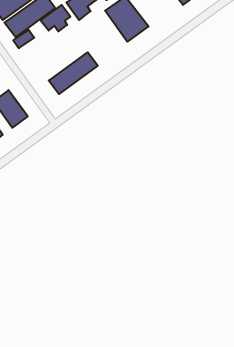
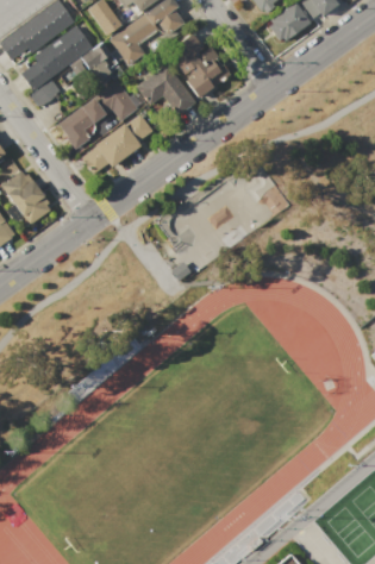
building: none -> [137,65,193,124]
building: none -> [58,81,138,149]

